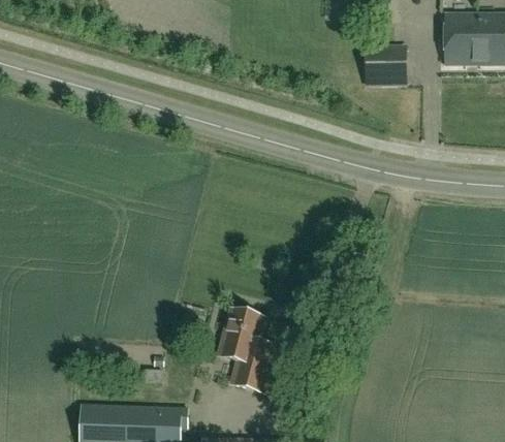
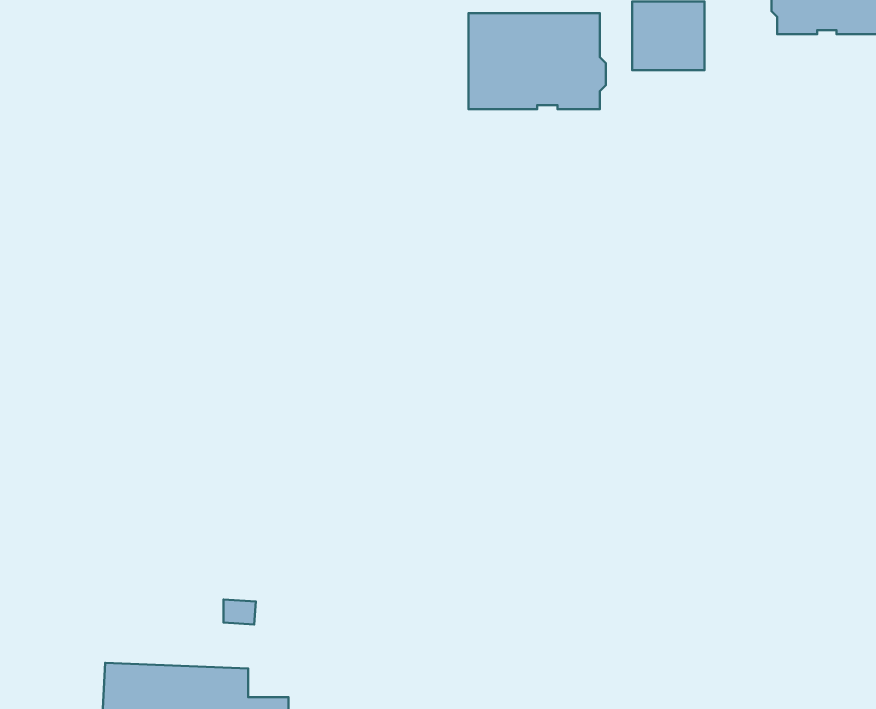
building: none -> [468,13,606,109]
building: [220,308,275,390] -> none

